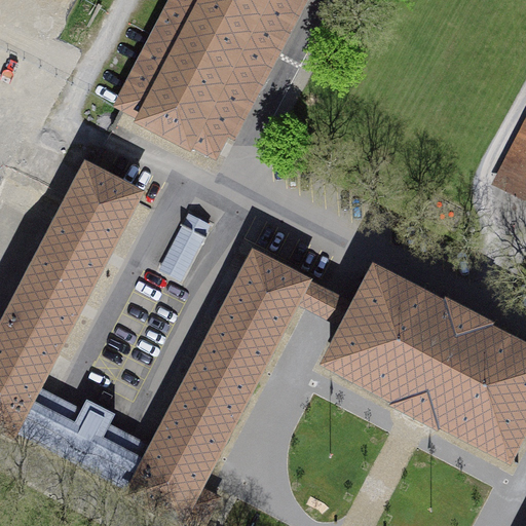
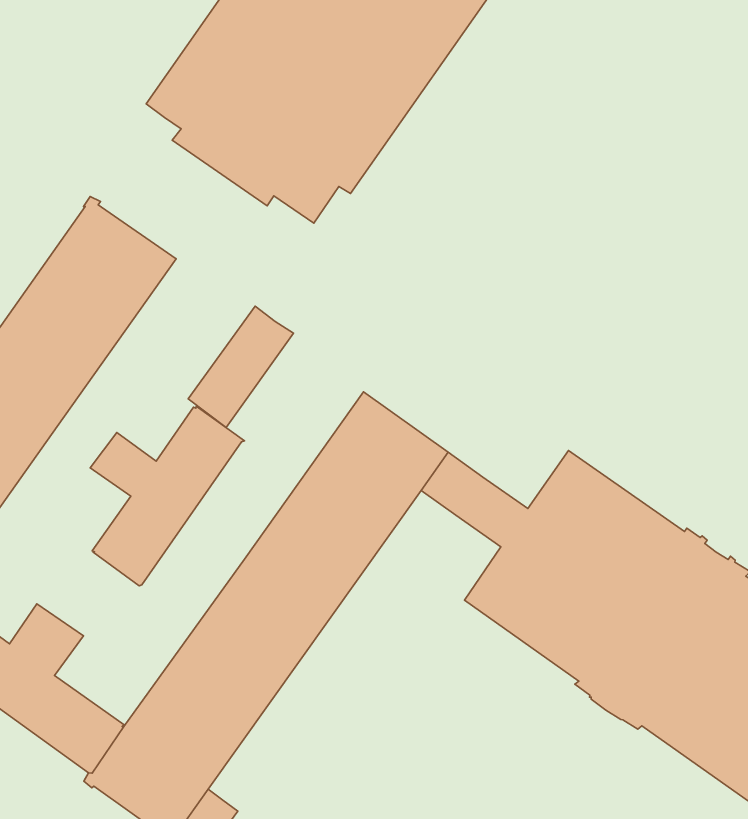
building: none -> [90,406,244,586]

